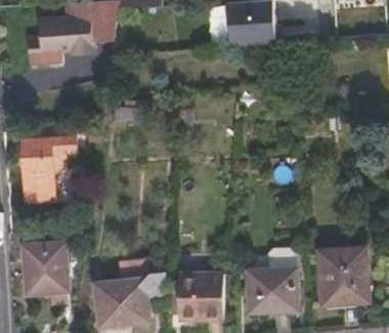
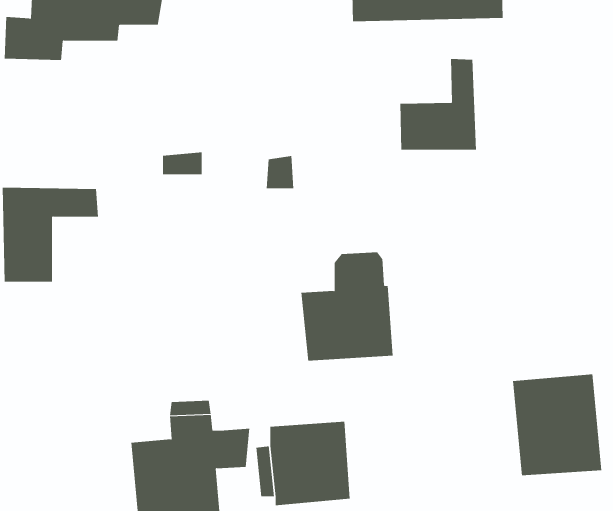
building: none -> [400,58,476,150]
building: [27,241,70,300] -> none
building: [247,247,301,310] -> [300,252,394,361]

